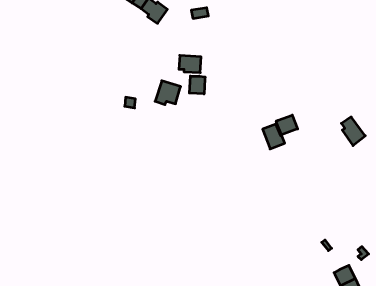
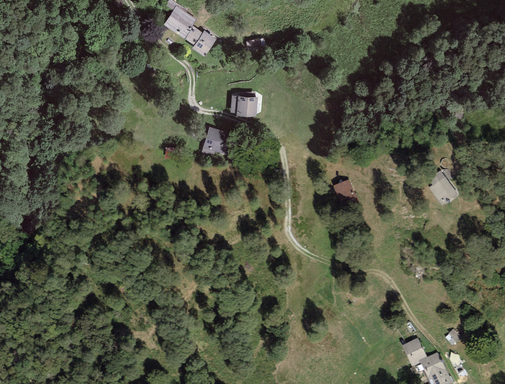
building: [189,76,205,94] -> none
building: [276,115,298,135] -> none
building: none -> [401,337,426,366]

